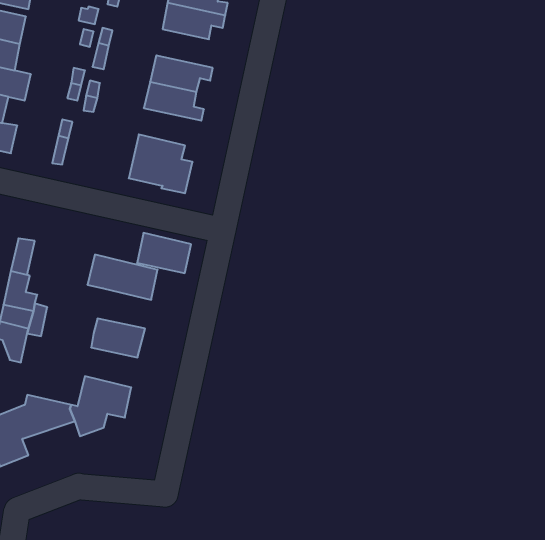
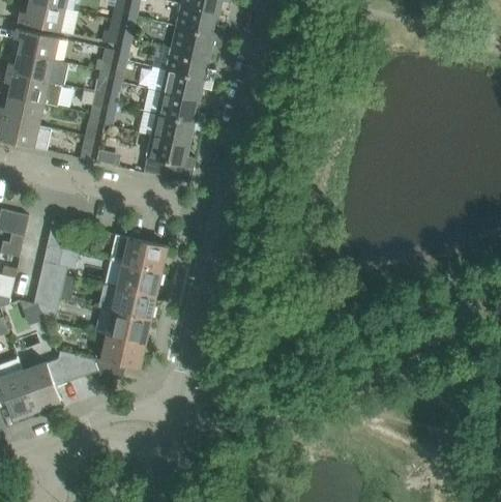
building: none -> [166,48,215,80]
building: none -> [151,113,203,144]
building: [137,233,191,273] -> [117,262,161,295]
building: none -> [107,311,150,344]

